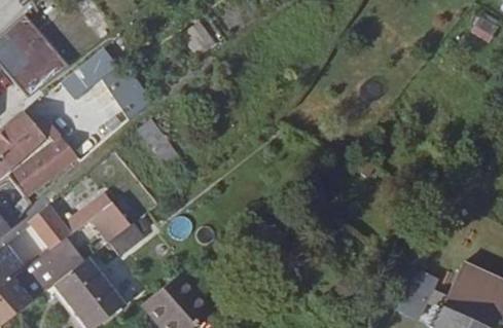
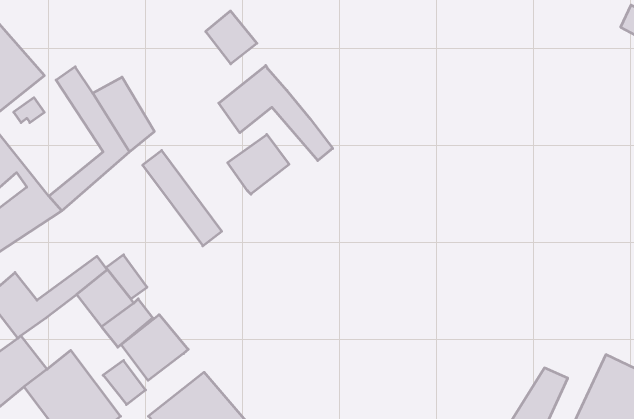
building: none -> [219,65,333,161]
building: none -> [228,134,289,194]
building: none -> [121,315,188,380]

